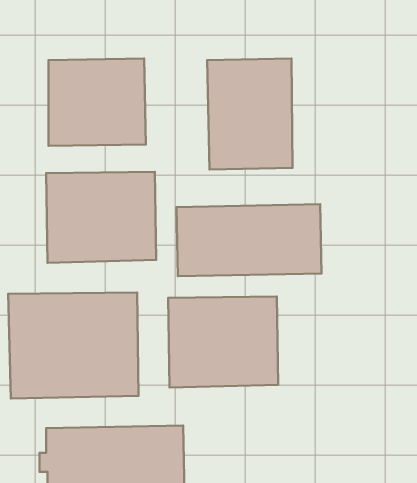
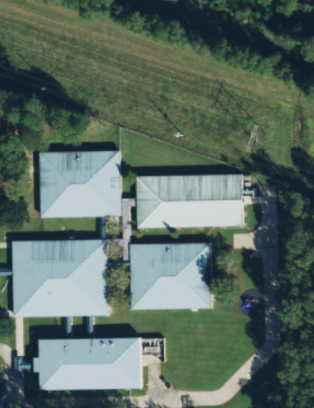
building: [207,59,293,169] -> none
building: [48,59,146,146] -> none

